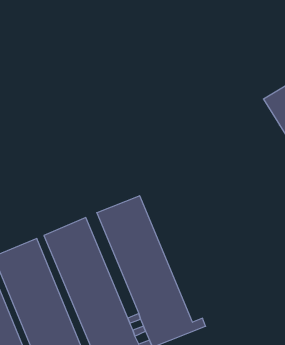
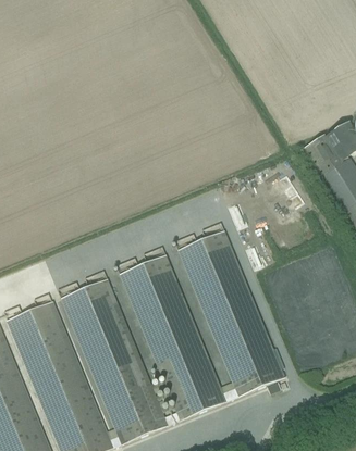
building: none -> [179,229,285,396]

